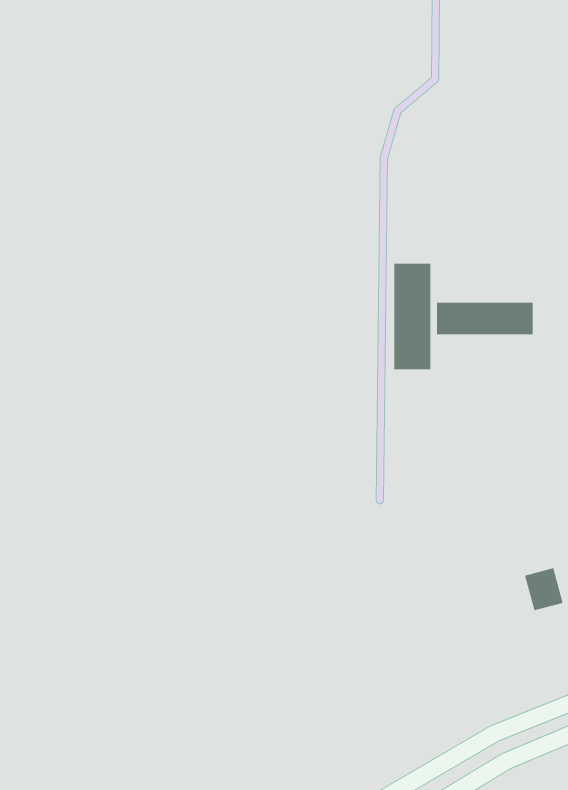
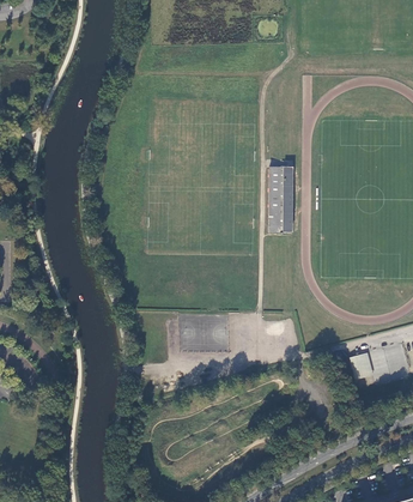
building: [437,302,533,335] -> none

